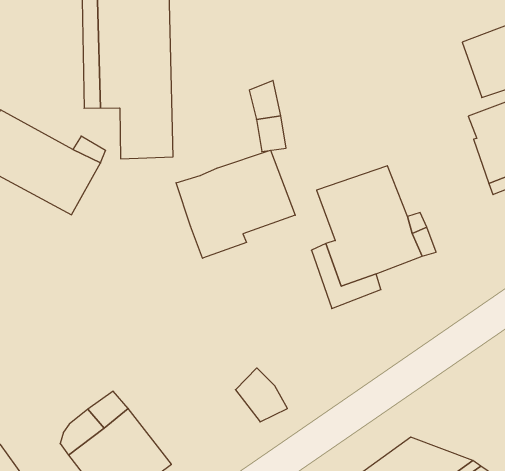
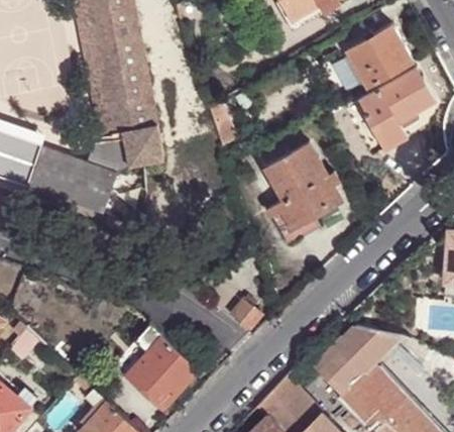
building: [176,150,295,258] -> none

